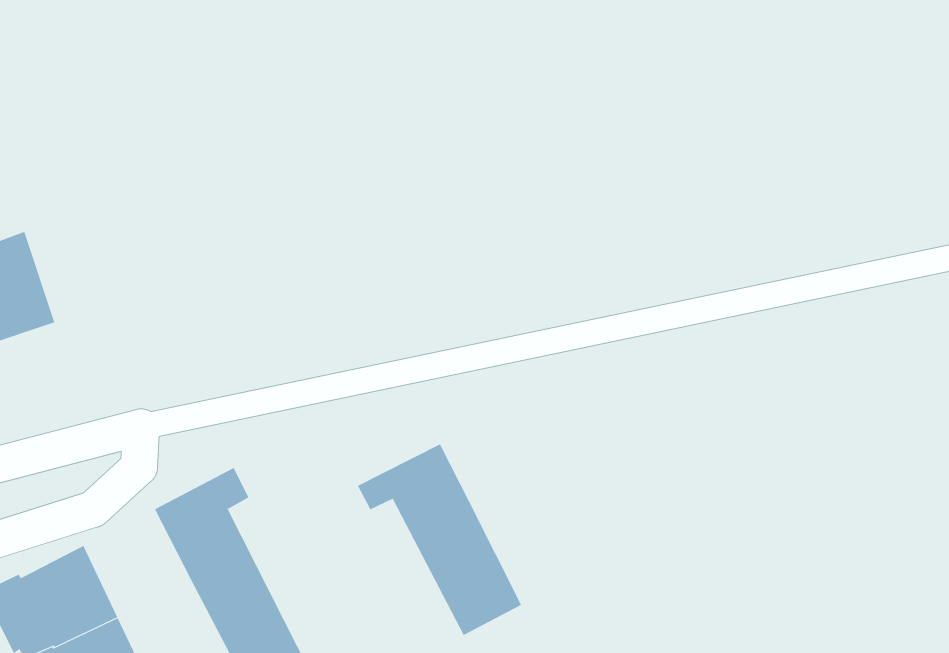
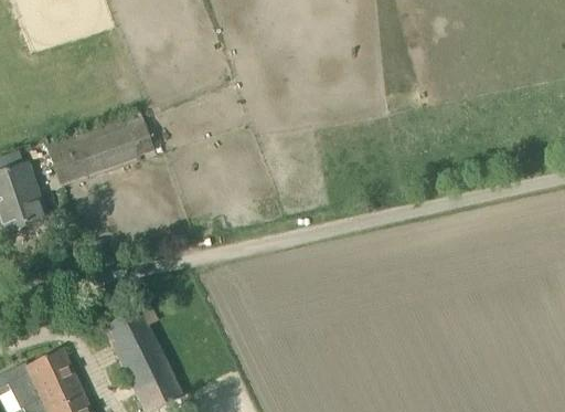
building: none -> [50,114,153,182]
building: [357,443,522,636] -> none

